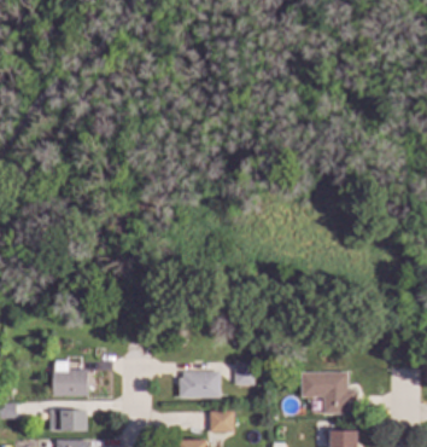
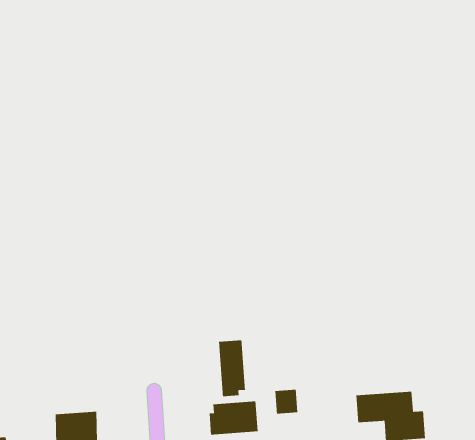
building: none -> [218,340,246,397]

